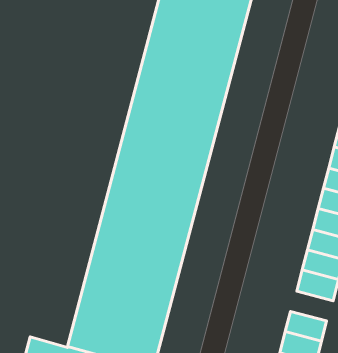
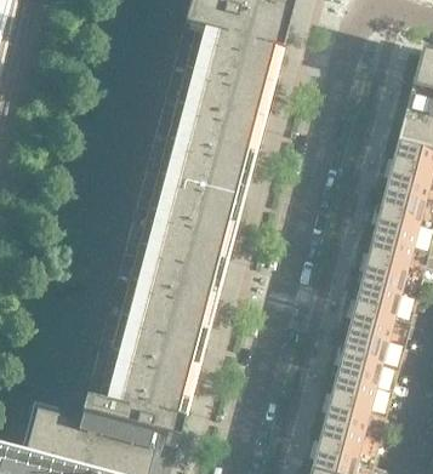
building: none -> [335,355,383,389]

